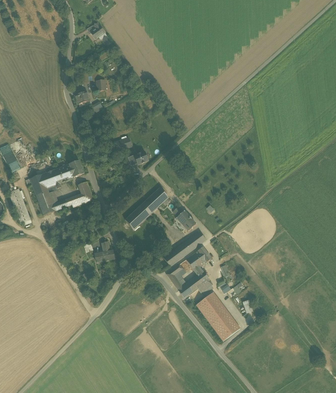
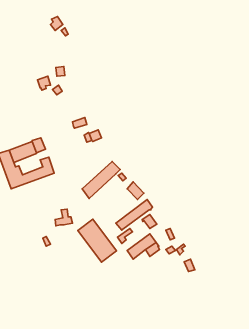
building: [196,291,240,340] -> [78,219,116,262]

